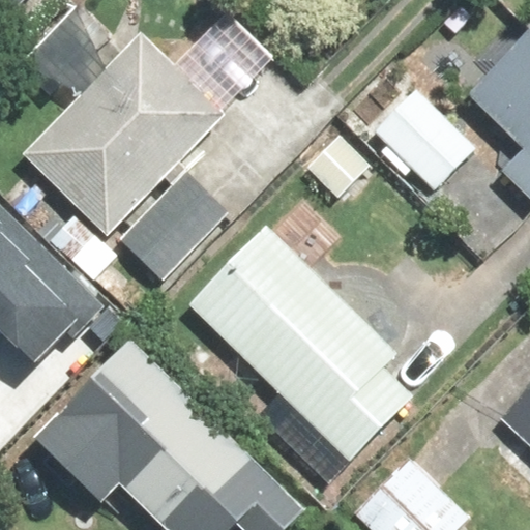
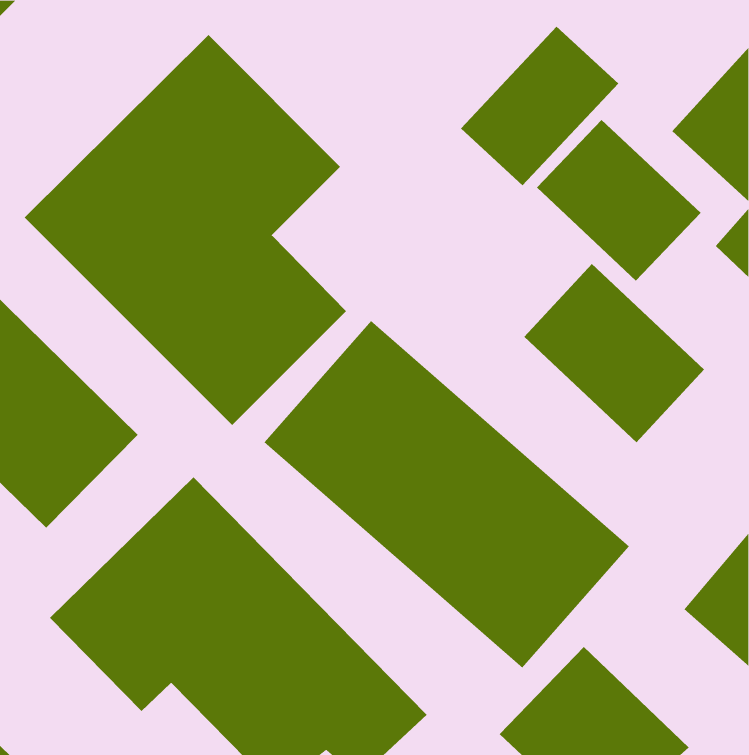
building: none -> [460,26,619,186]
building: none -> [524,263,705,443]

